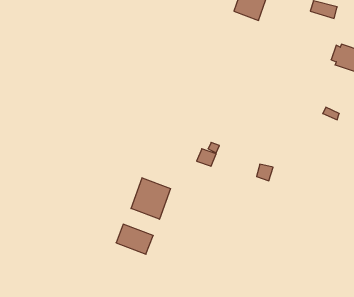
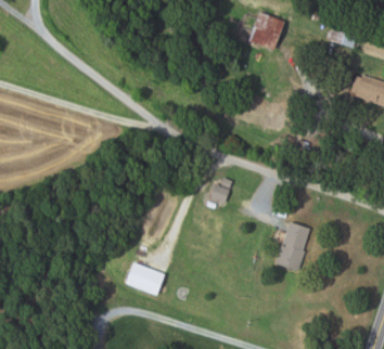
building: [131,178,170,219] -> none
building: none -> [274,222,310,273]

